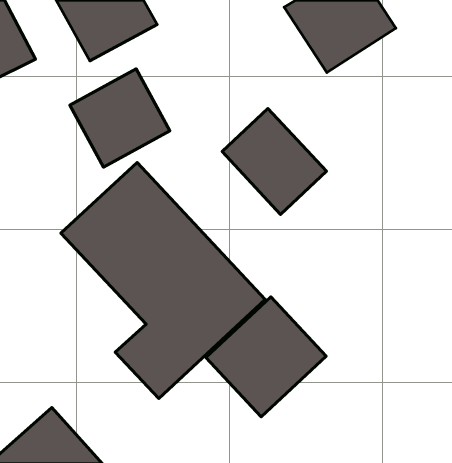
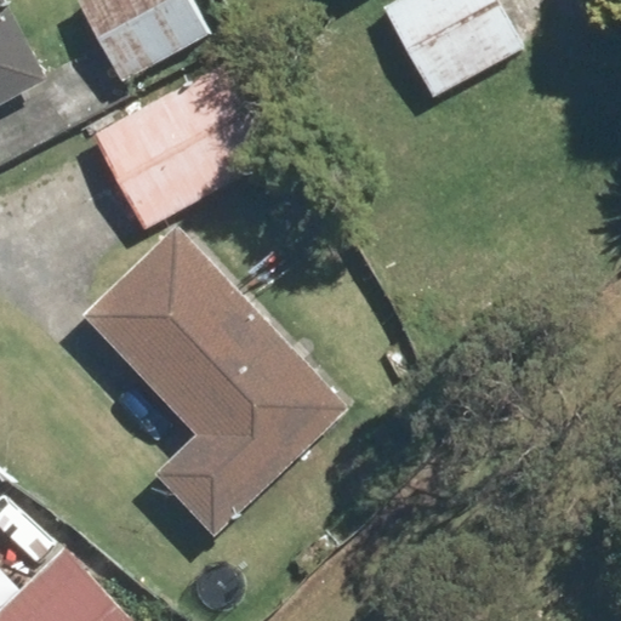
building: [222,108,326,214] -> none
building: [206,297,326,417] -> none

